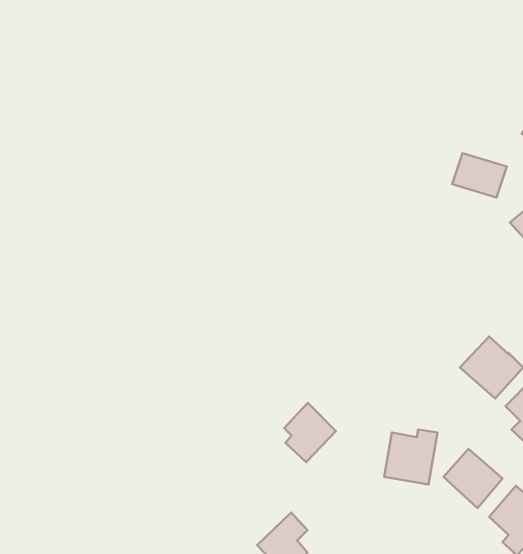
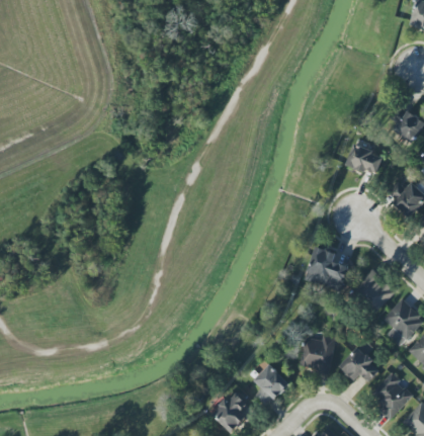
building: none -> [305,246,350,292]
building: [284,403,336,462] -> [255,363,290,404]

